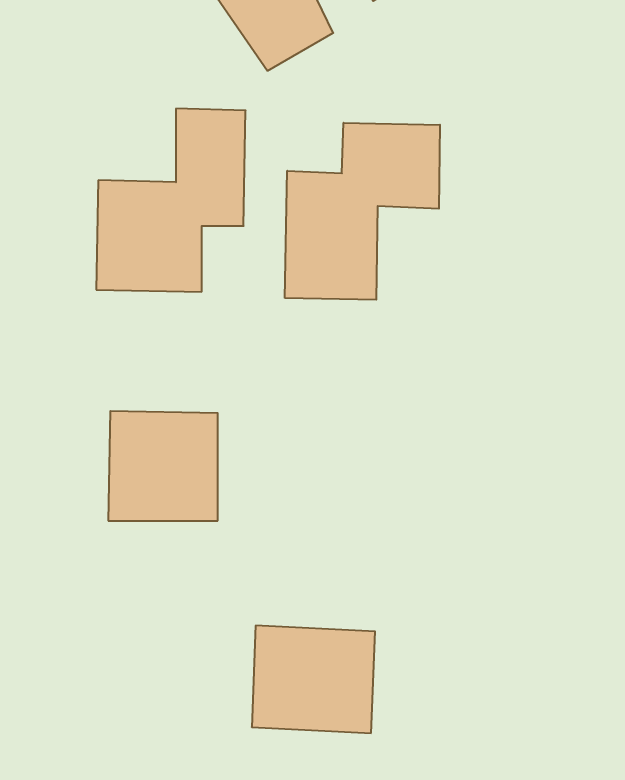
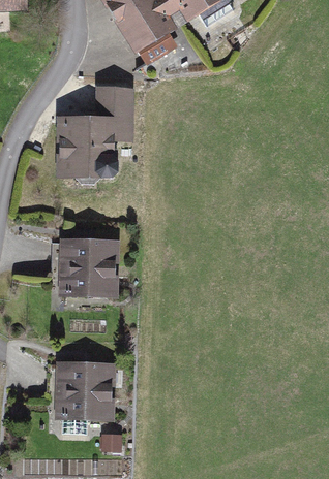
building: [285,123,440,300] -> none
building: [252,626,375,733] -> [49,363,113,419]

